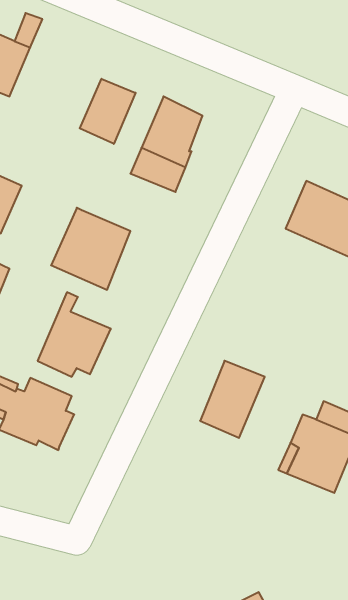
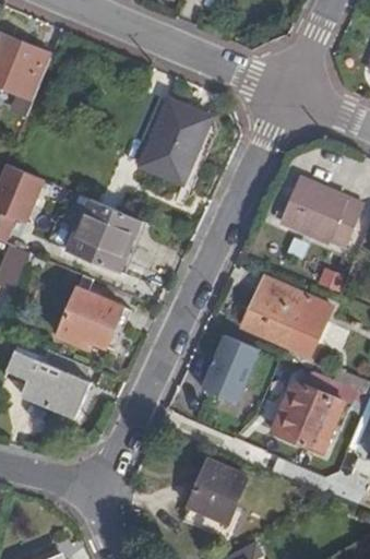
building: [80,79,136,144] -> none
building: none -> [241,280,326,355]
building: none -> [182,463,243,533]

